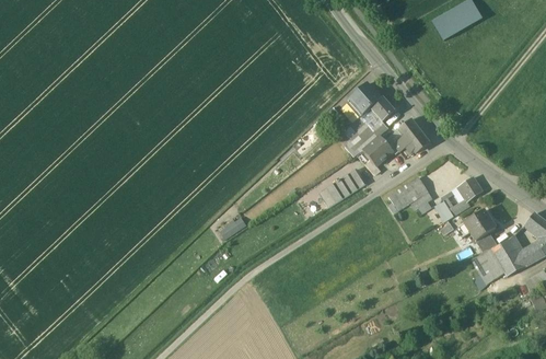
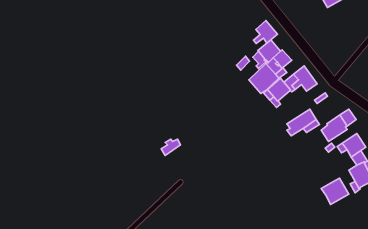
building: none -> [254,21,278,43]
building: [321,167,367,206] -> none
building: none -> [321,178,349,205]

